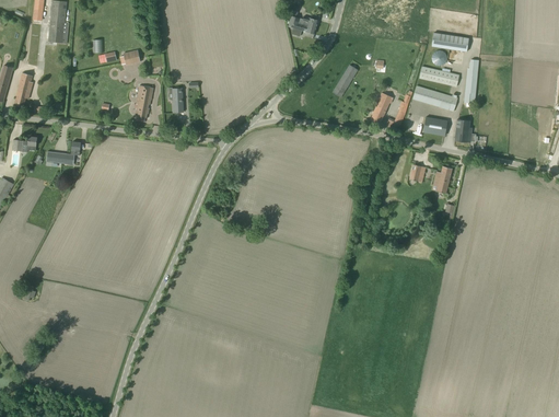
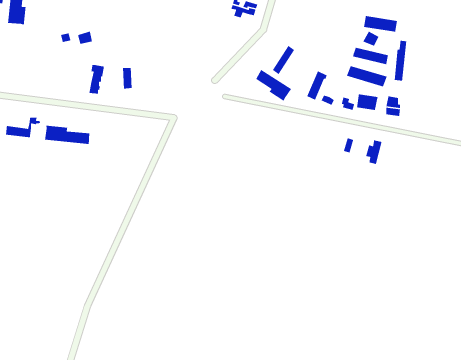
building: none -> [255,69,292,102]
building: none -> [44,125,90,145]

